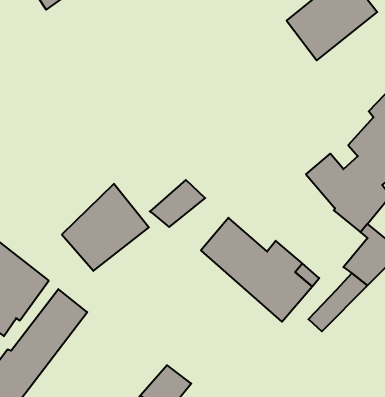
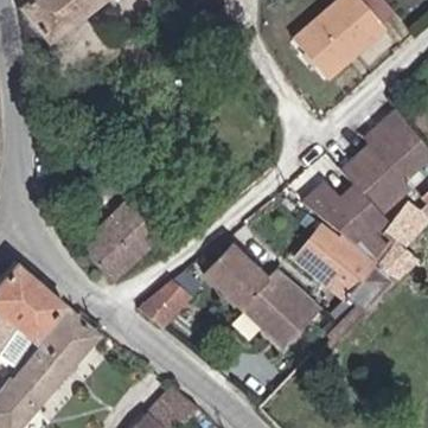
building: [150,180,205,227] -> [140,279,194,325]
building: none -> [300,222,368,288]

